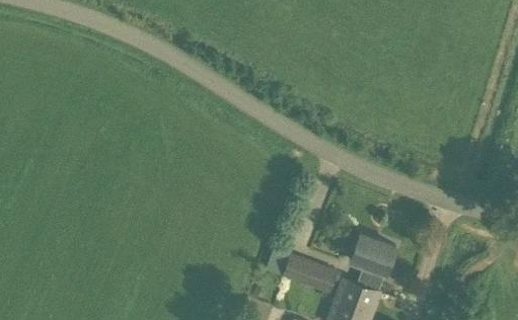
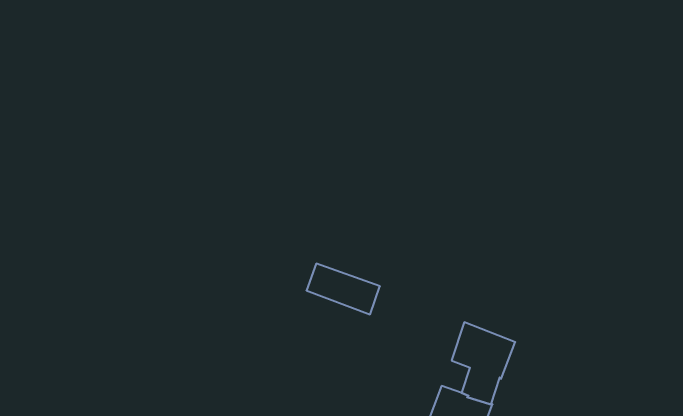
building: [284,255,337,292] -> [306,264,380,314]

